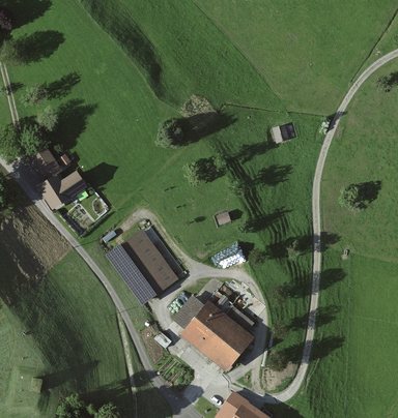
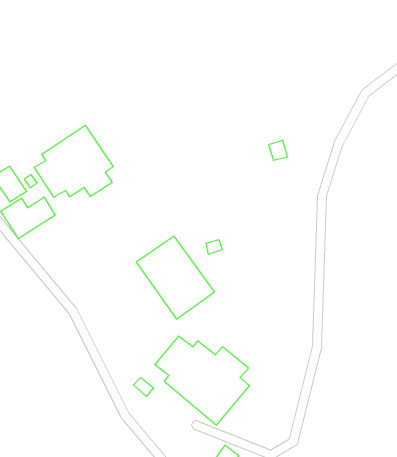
building: none -> [34,125,113,197]
building: [109,231,177,303] -> [136,236,214,319]

